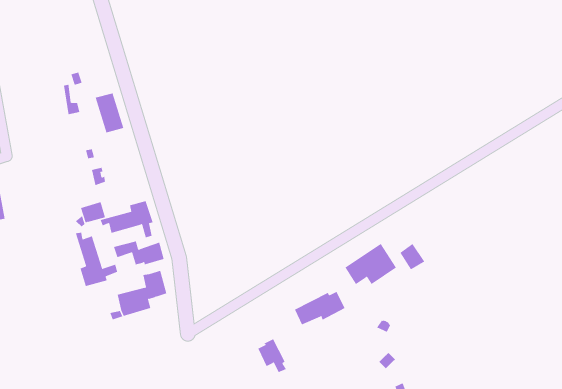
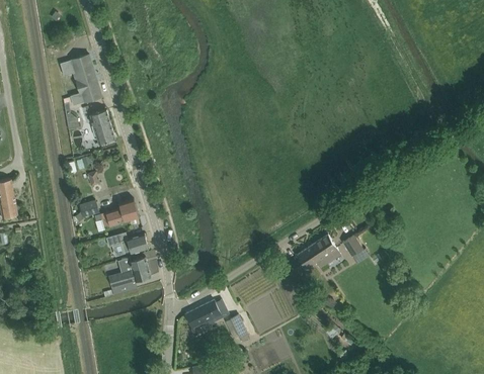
building: none -> [60,55,101,102]
building: [75,232,118,287] -> none
building: [294,291,345,325] -> [185,299,228,328]

